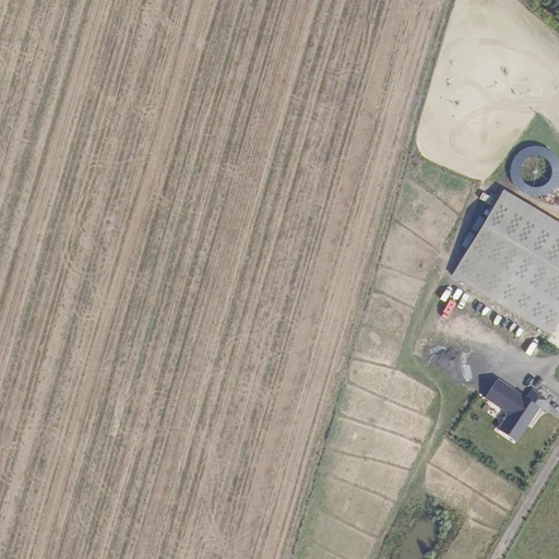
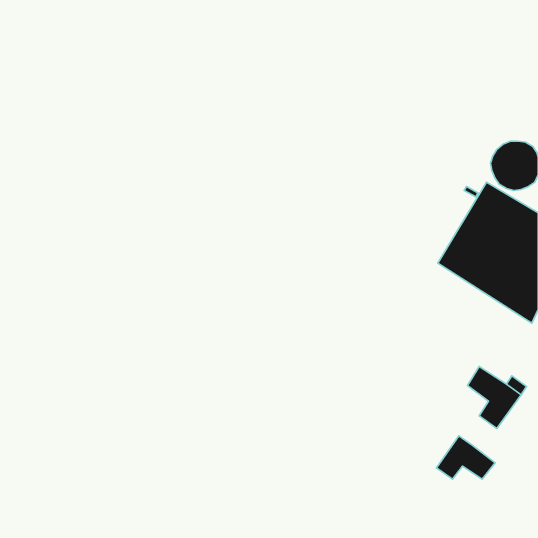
building: none -> [437,436,495,479]

